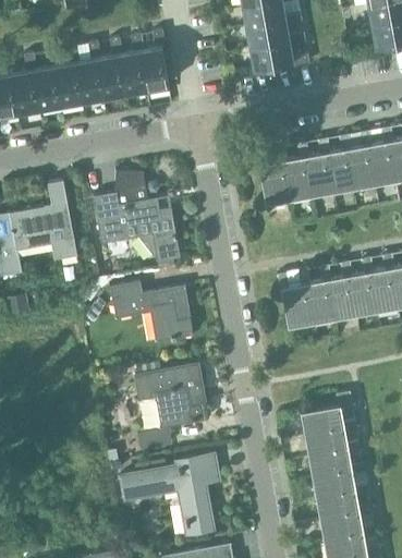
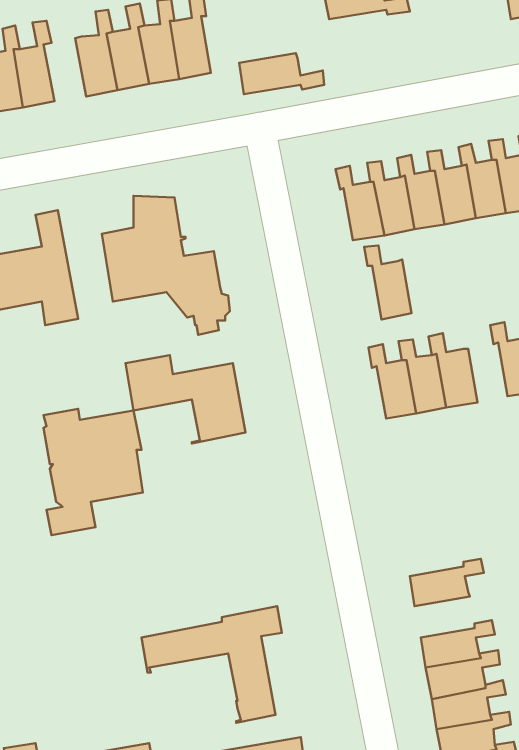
building: [251,45,309,73] -> [239,53,324,94]
building: [53,48,83,108] -> none
building: [341,265,374,316] -> [364,245,412,319]
building: [136,365,205,452] -> [43,409,143,535]
building: [302,395,353,436] -> none
building: [309,445,361,478] -> none

